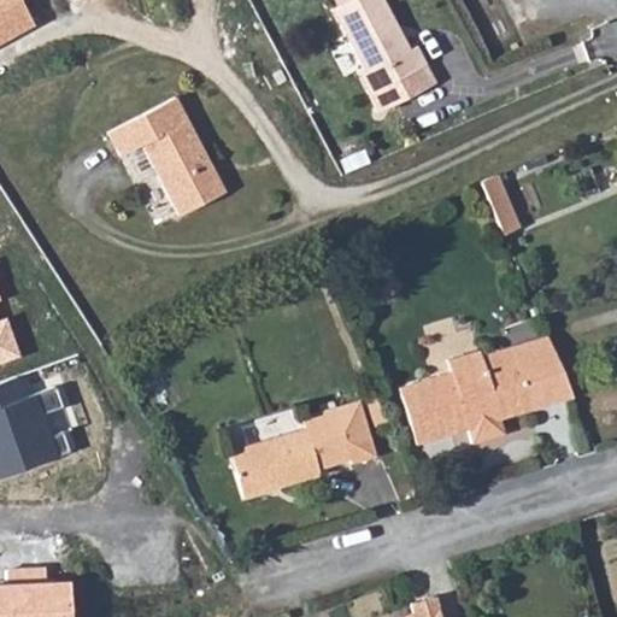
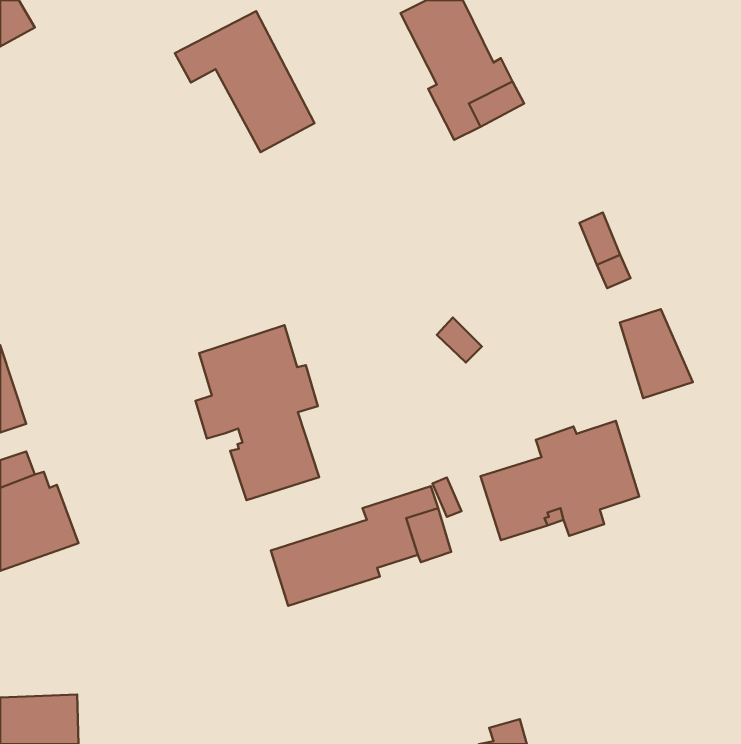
building: [107,96,223,213] -> [175,11,314,152]
building: none -> [195,325,319,500]
building: [512,337,572,411] -> [620,309,693,398]

